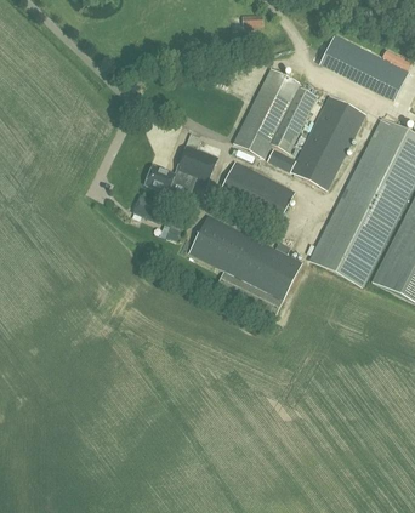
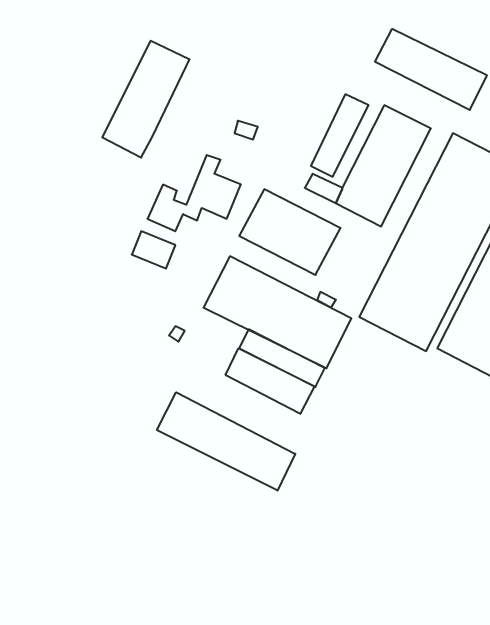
building: [233,67,301,158] -> [102,41,190,158]
building: none -> [226,348,314,414]
building: none -> [157,392,295,491]

